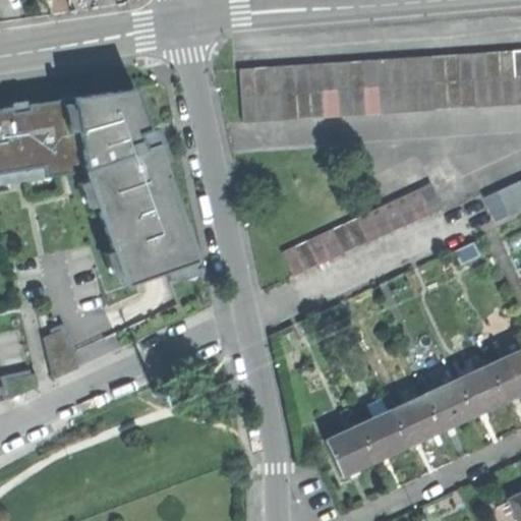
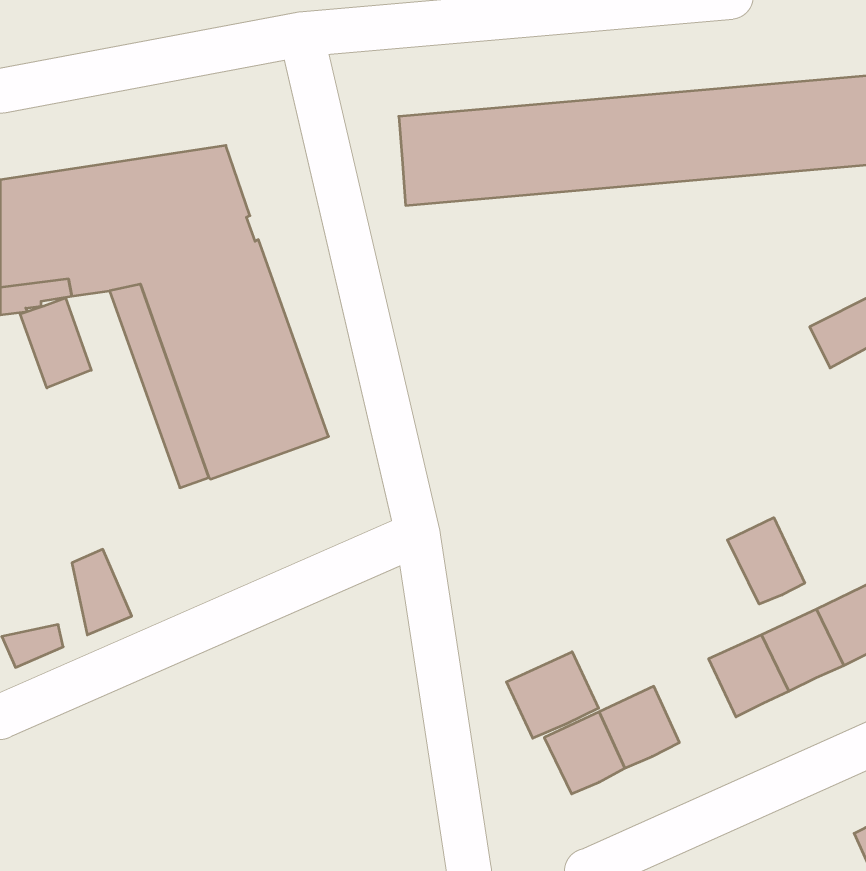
building: none -> [20,298,91,388]
building: [284,181,446,276] -> none
building: none -> [727,518,805,604]
building: none -> [506,652,599,738]
building: [394,392,443,442] -> none

